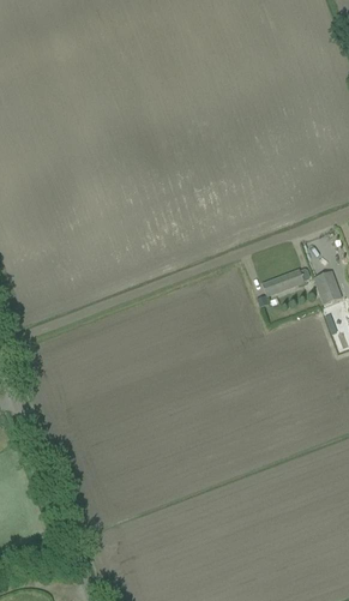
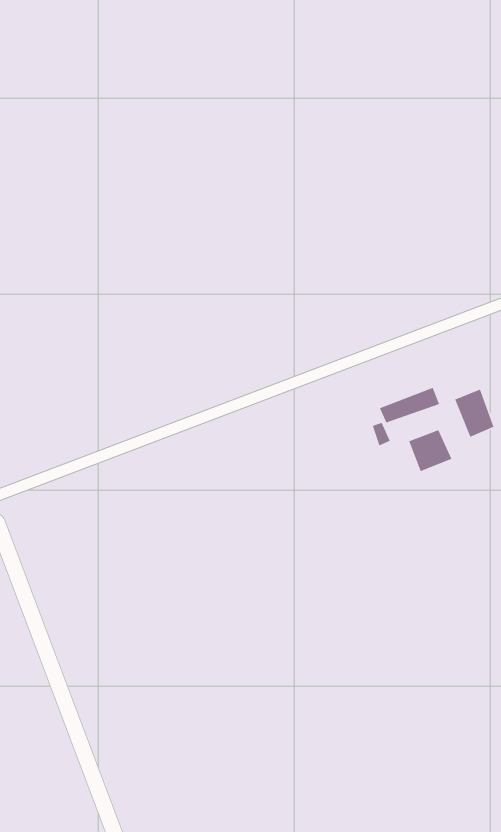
building: none -> [408,429,453,472]

